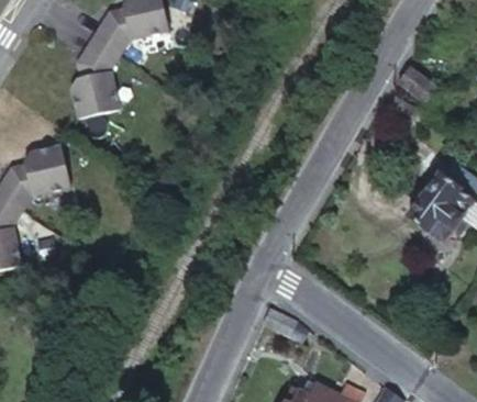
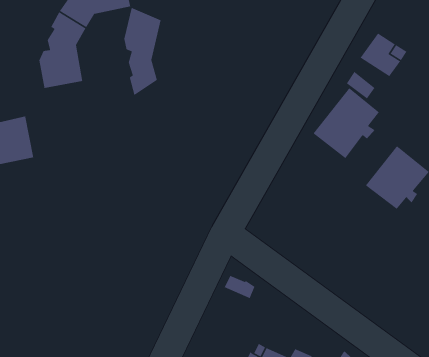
building: none -> [123,7,162,96]
building: none -> [312,87,380,159]

